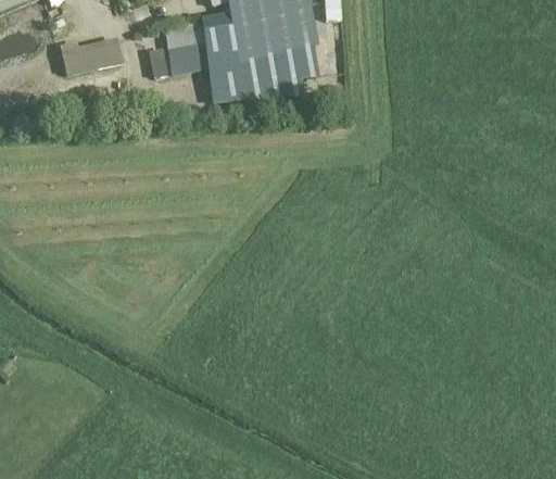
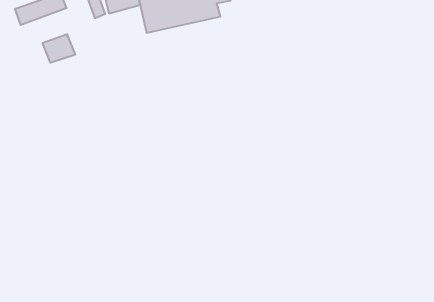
building: none -> [43,34,75,63]

